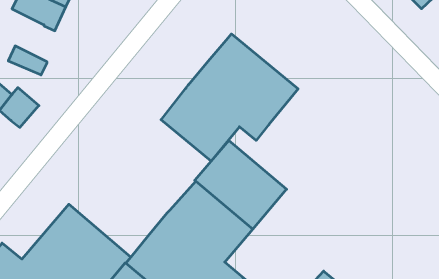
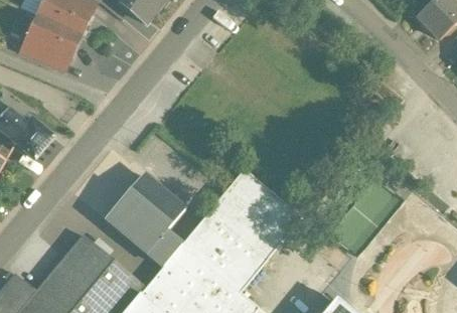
building: [161,34,298,161] -> none
building: [8,46,47,75] -> [18,38,57,67]
building: none -> [107,174,184,266]

